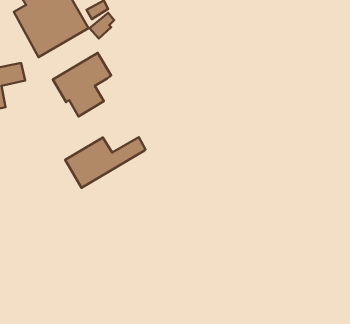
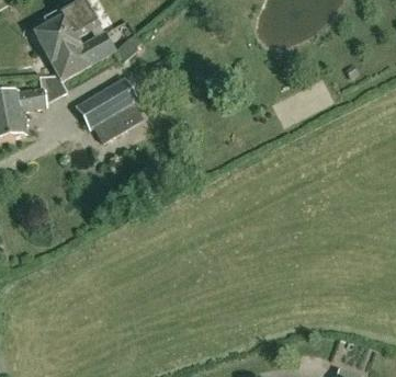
building: [65,137,145,188] -> none

